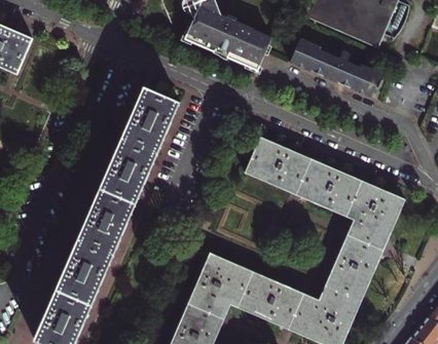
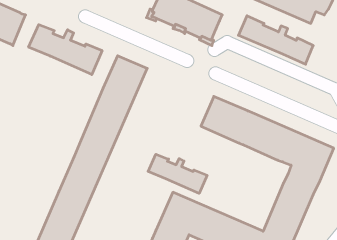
building: none -> [29,25,102,75]
building: none -> [148,154,207,193]

